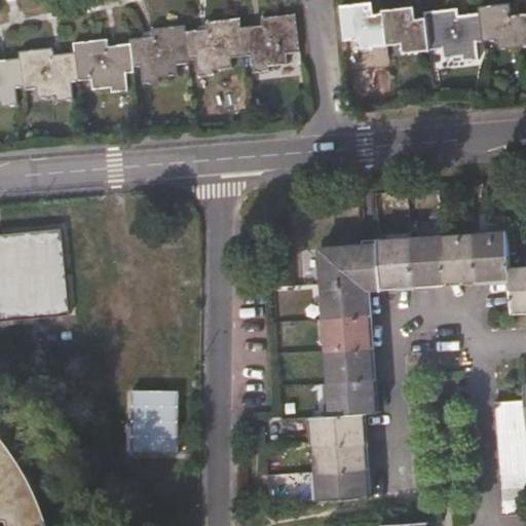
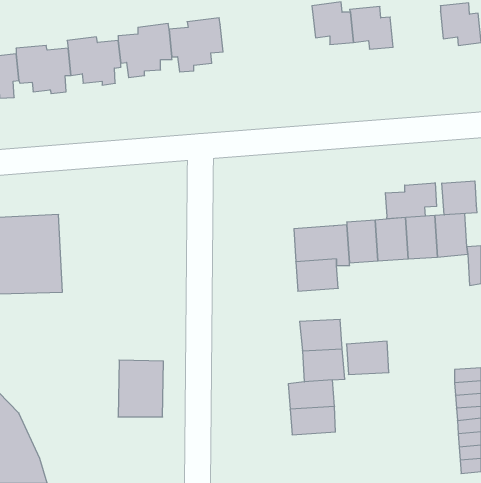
building: [423,8,482,62] -> none
building: [239,15,297,73] -> none
building: none -> [442,181,477,215]
building: none -> [385,183,437,219]
building: [324,313,370,349] -> [346,341,389,374]
building: [317,469,367,498] -> none

